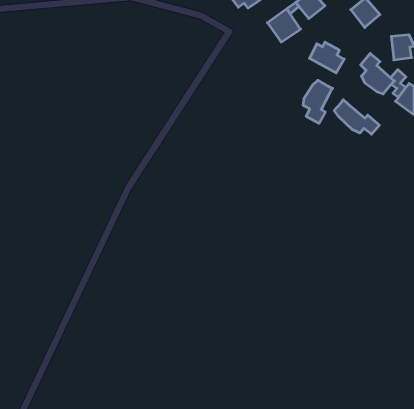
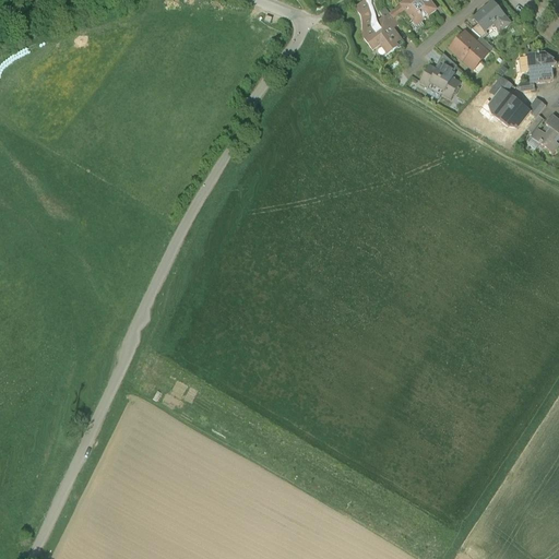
building: none -> [448,26,491,69]
building: [303,80,333,123] -> none
building: [334,100,379,134] -> none

